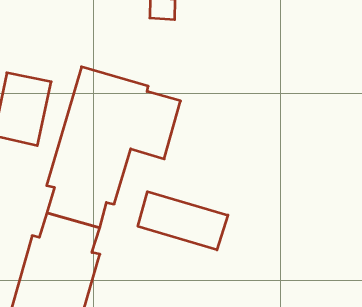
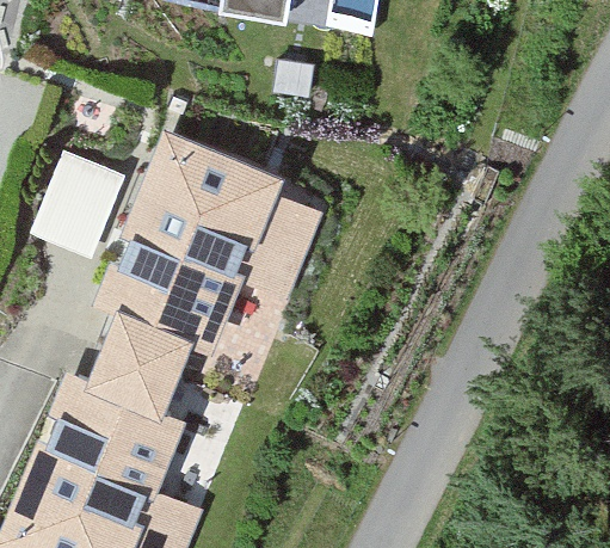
building: [138,192,228,250] -> none

